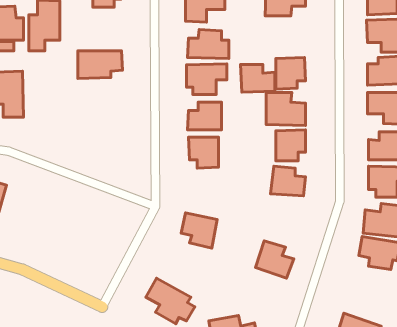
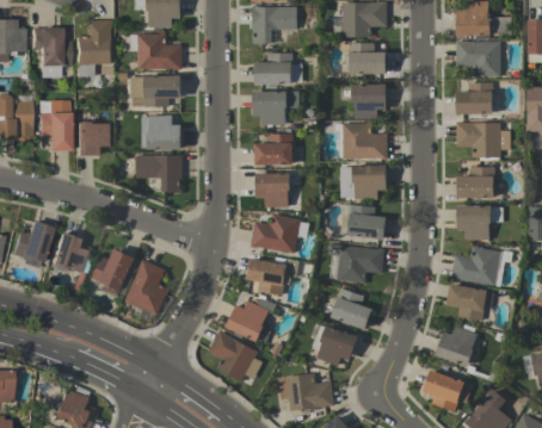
building: none -> [137,33,181,69]
building: [241,65,275,92] -> [349,43,387,74]
building: none -> [141,116,181,150]
building: none -> [75,122,110,156]
building: none -> [136,155,183,192]
building: none -> [251,215,308,253]
building: none -> [51,232,92,272]
building: none -> [328,246,383,281]
building: none -> [92,249,133,296]
building: none -> [125,260,168,315]
building: none -> [226,300,270,346]
building: none -> [316,327,358,366]
building: none -> [436,327,478,367]

